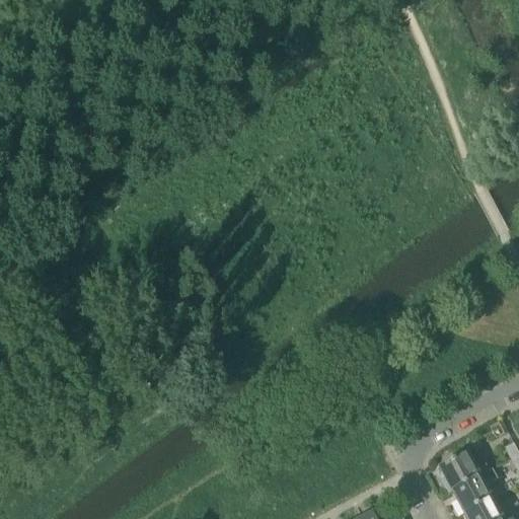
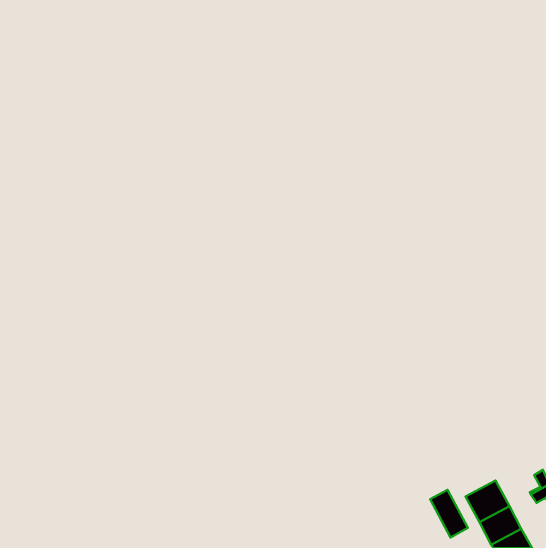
building: none -> [430,490,468,537]

